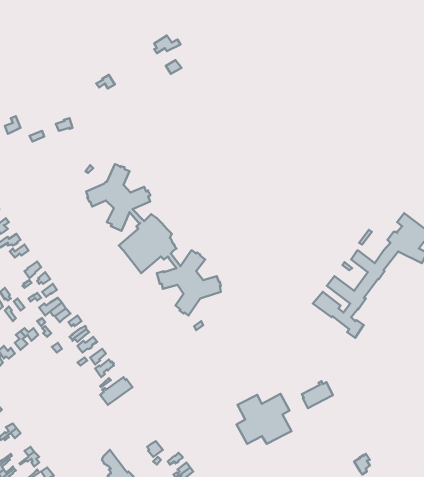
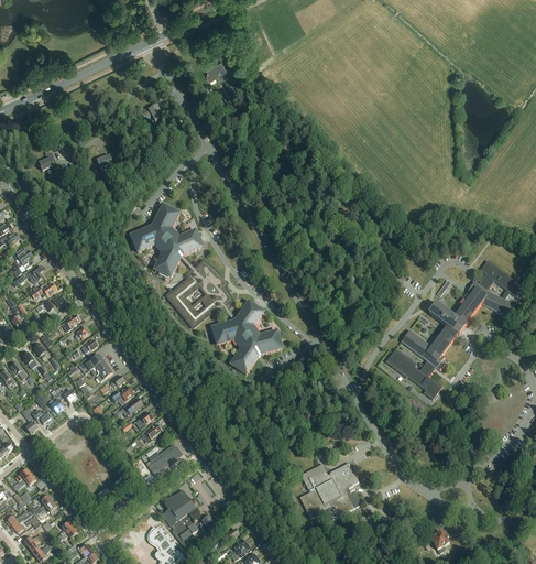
building: [302,381,333,408] -> none
building: none -> [162,488,198,544]

